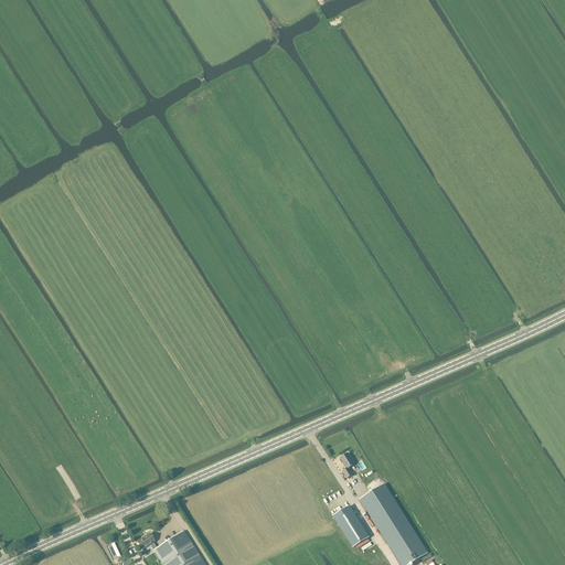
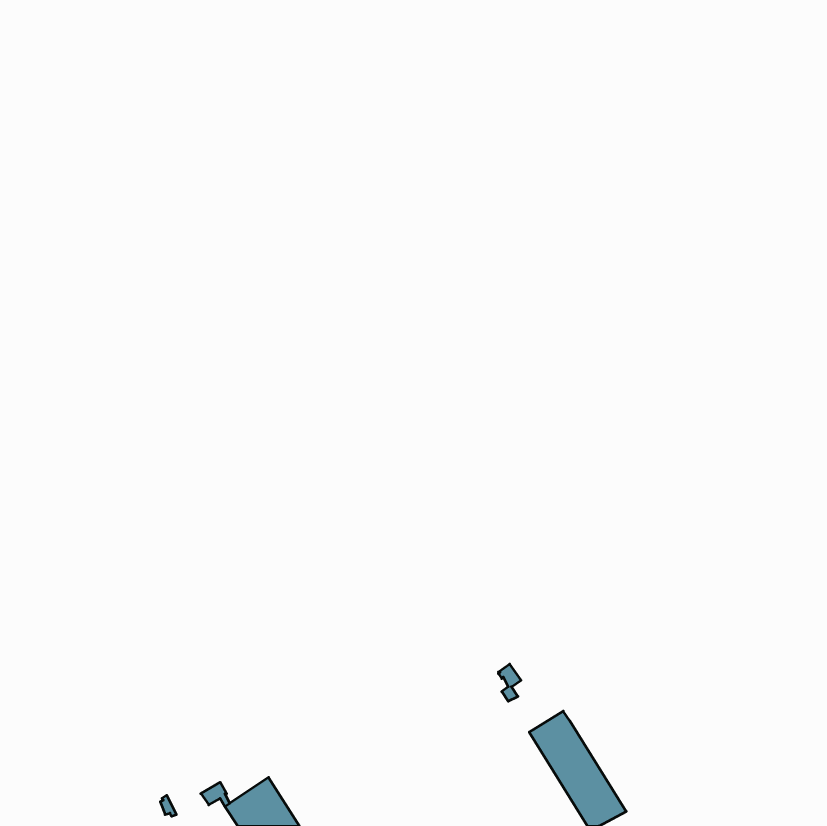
building: [333,505,367,547] -> none

